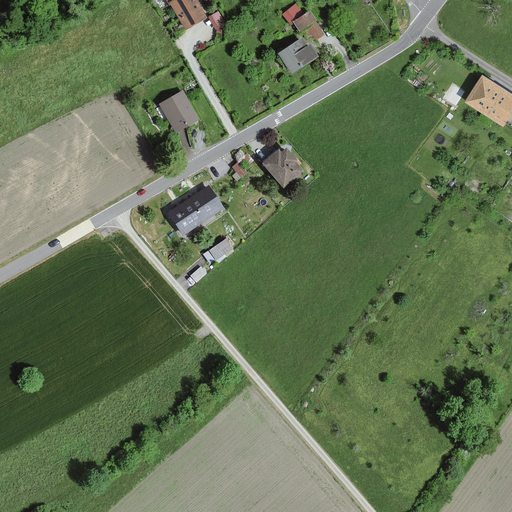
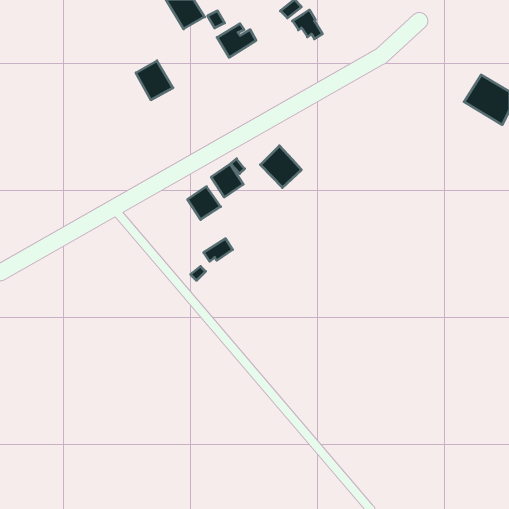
building: [277,39,316,73] -> [217,24,256,57]
building: [162,92,199,131] -> [136,61,173,100]
building: [170,200,202,233] -> [211,164,243,197]

